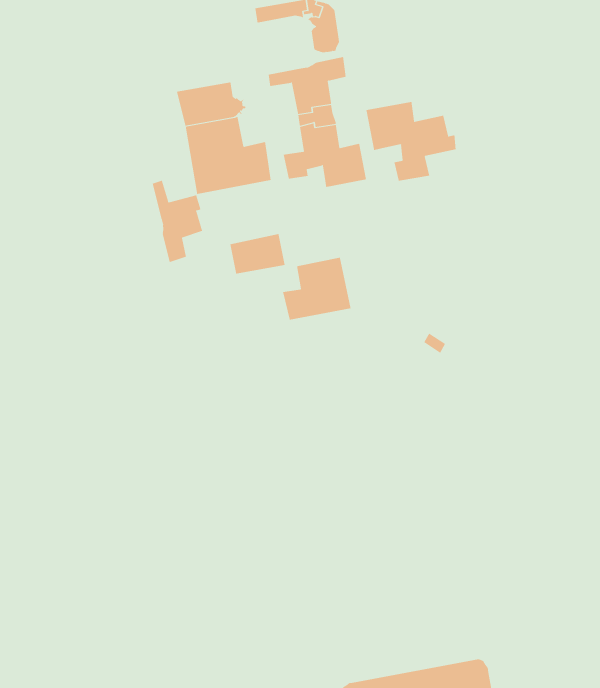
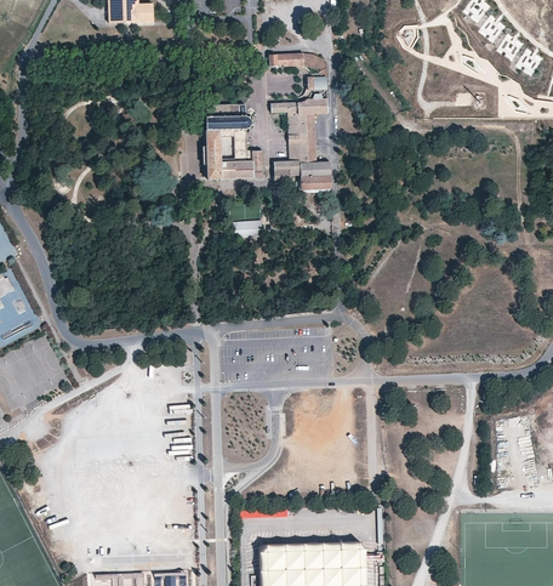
building: [366,101,456,181] -> none
building: [152,180,203,263] -> none
building: [282,257,351,320] -> none

